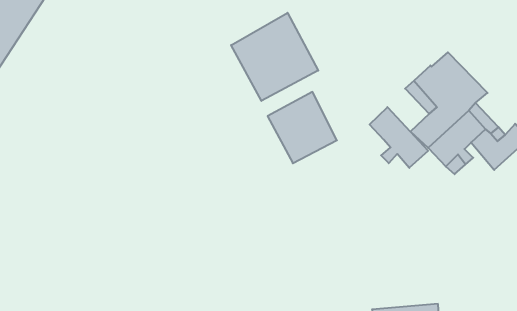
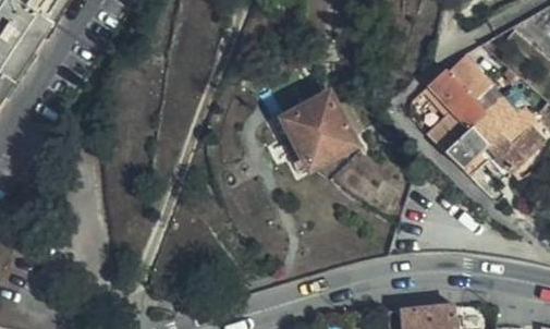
building: [231,13,318,101] -> none
building: [370,107,428,168] -> none

